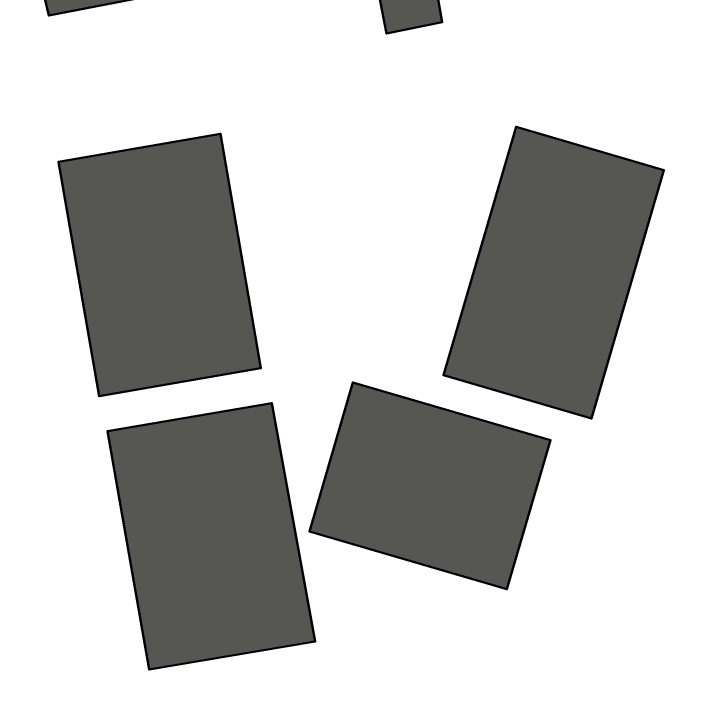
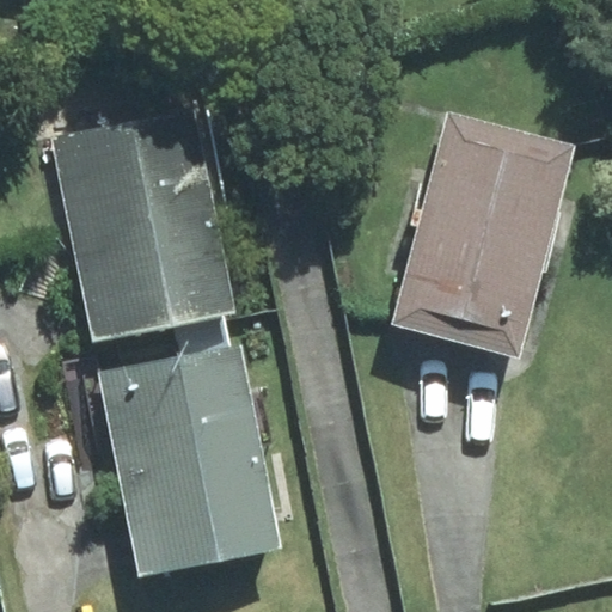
building: [309,382,550,589] -> none

